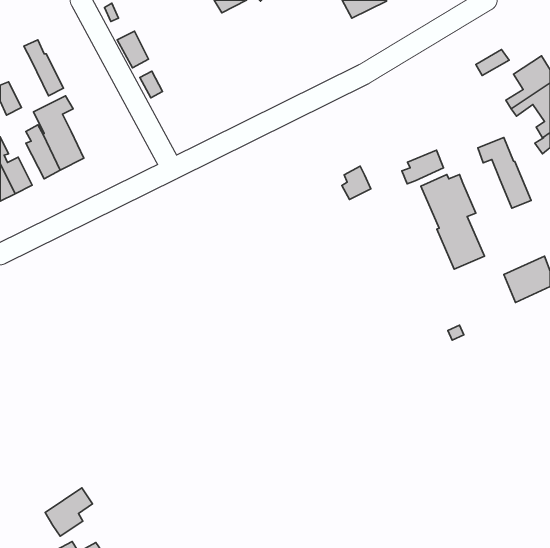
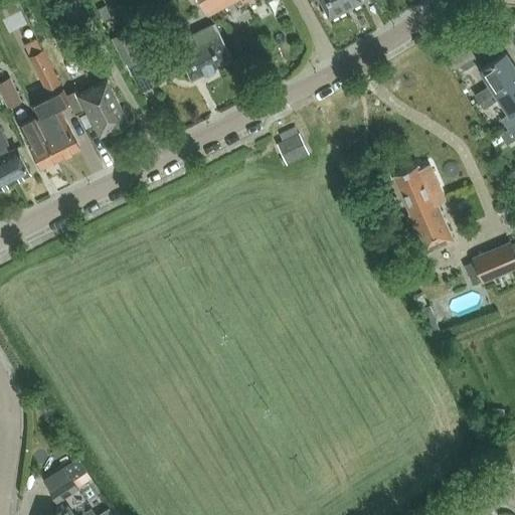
building: none -> [172,24,231,79]
building: none -> [64,81,129,138]
building: [478,137,531,208] -> none
building: [402,150,444,184] -> none
building: [342,166,371,199] -> [278,128,305,159]

